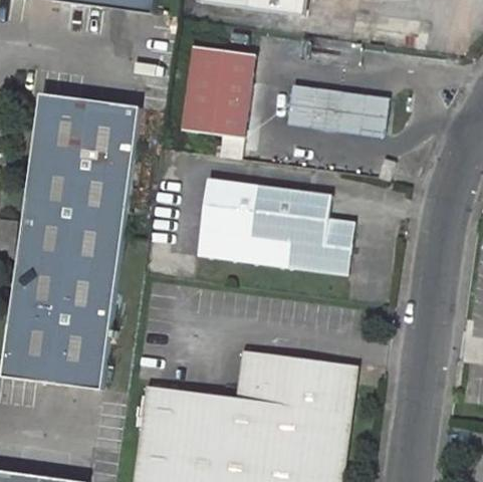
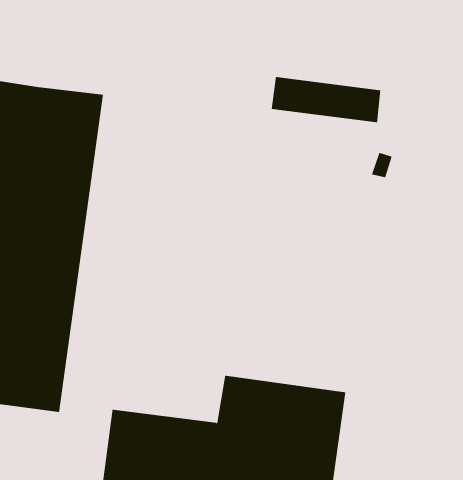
building: [180,46,250,158] -> none
building: [198,177,354,273] -> none

